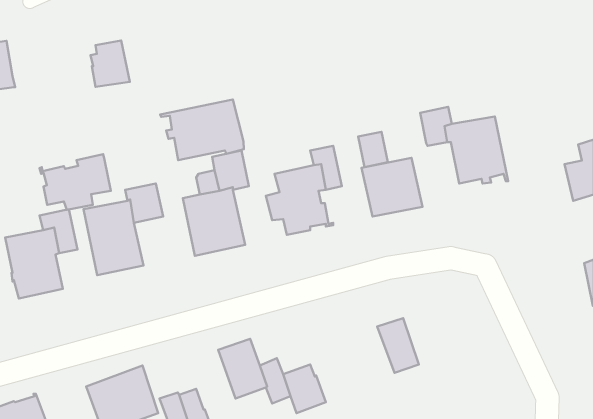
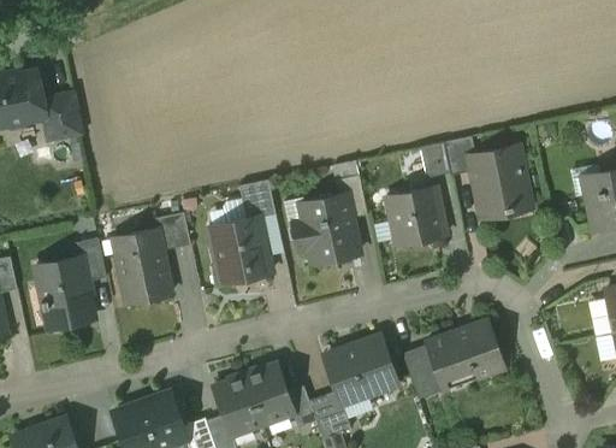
building: [91,40,130,87] -> [42,93,81,138]
building: [160,99,244,160] -> none
building: [358,132,388,167] -> [420,143,449,178]
building: [39,154,111,210] -> none
building: none -> [425,320,504,391]
building: none -> [324,338,396,403]
building: none -> [213,377,261,436]

